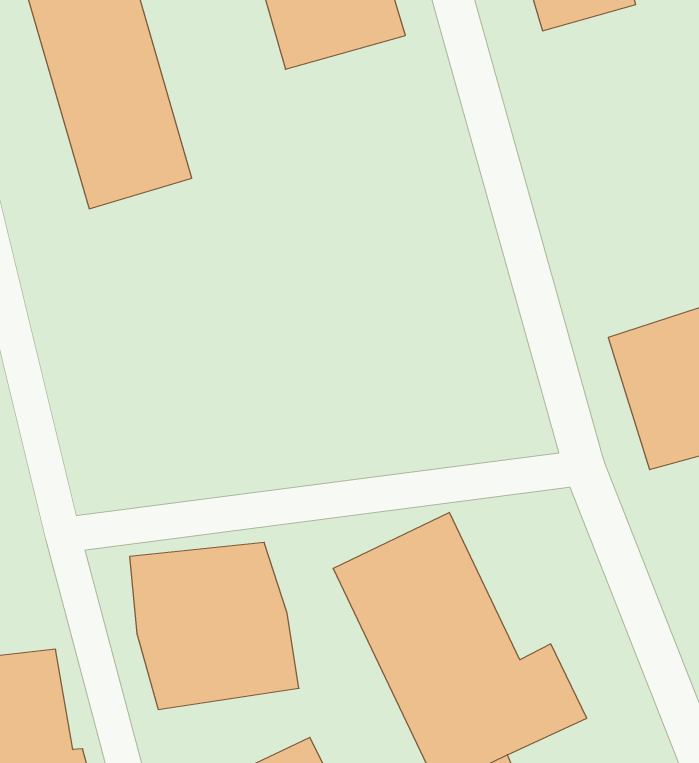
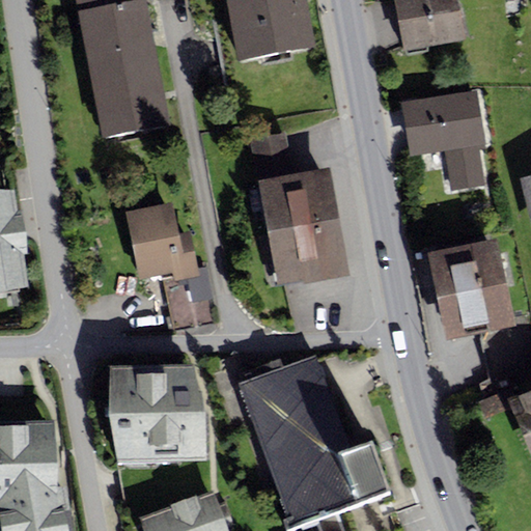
building: none -> [402,91,485,191]
building: none -> [249,133,348,285]
building: none -> [125,202,214,330]

